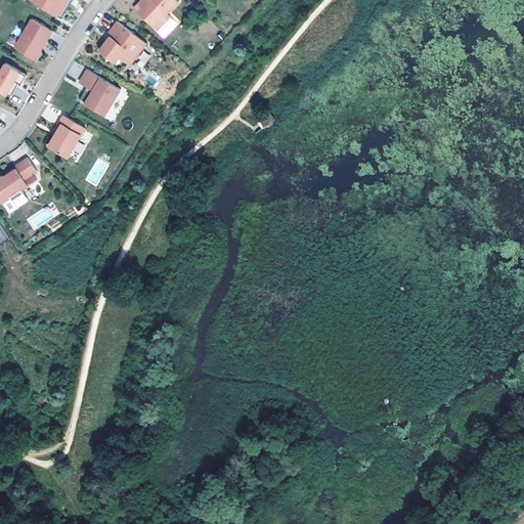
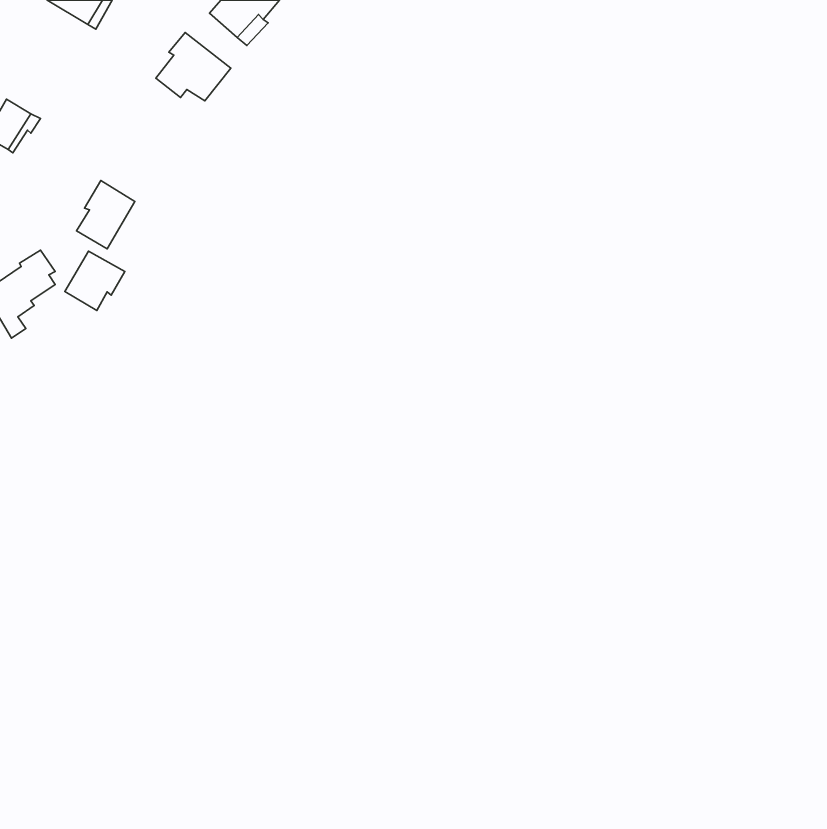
building: [13,19,51,60] -> none
building: [80,70,120,115] -> none
building: none -> [65,251,125,310]

